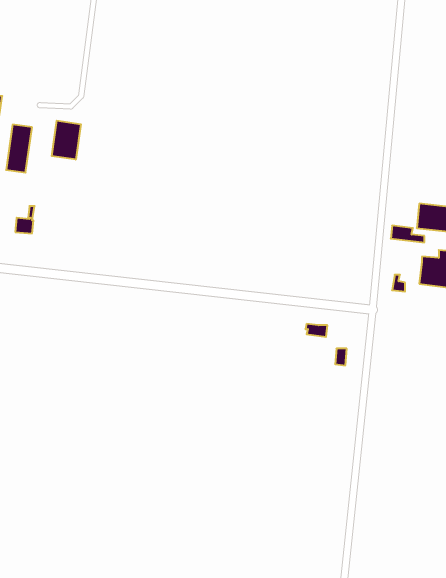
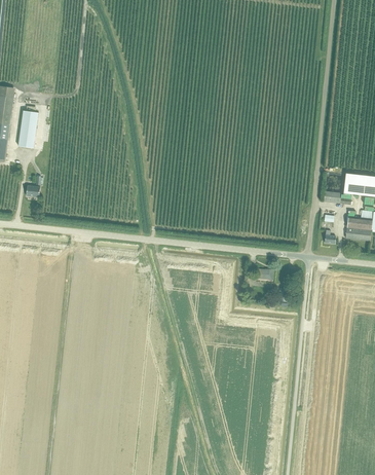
building: [52,121,81,160] -> none

